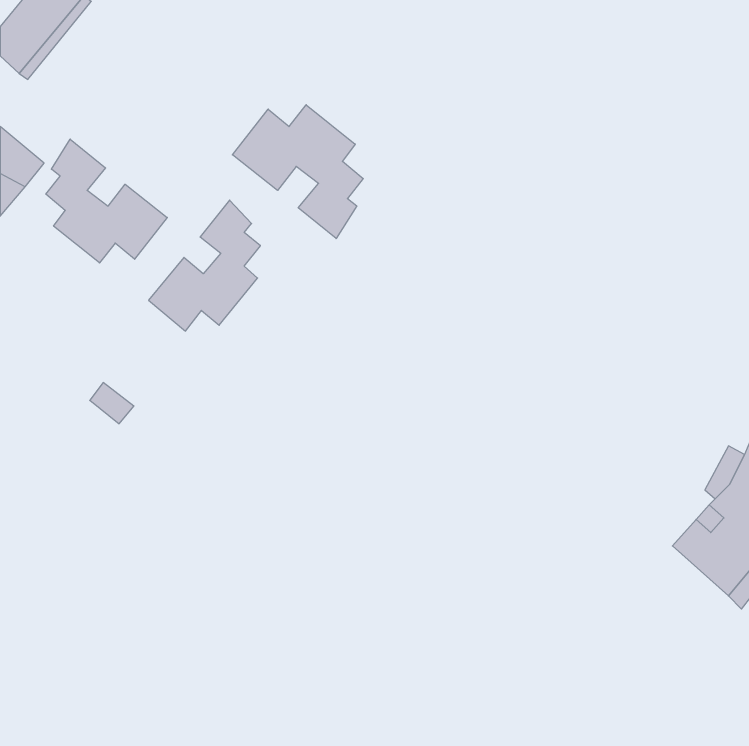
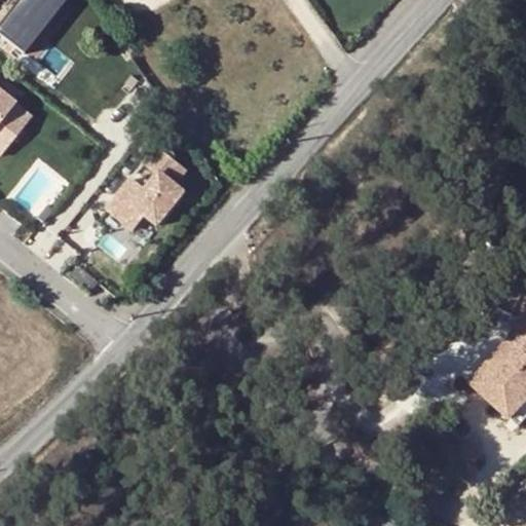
building: [232,105,363,239] -> none
building: [46,139,167,263] -> none

